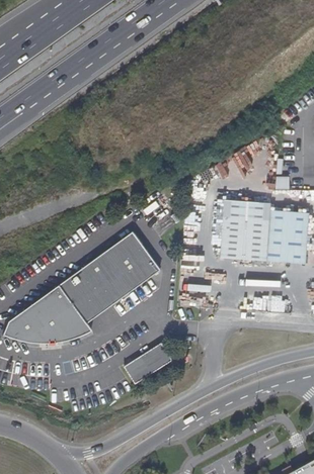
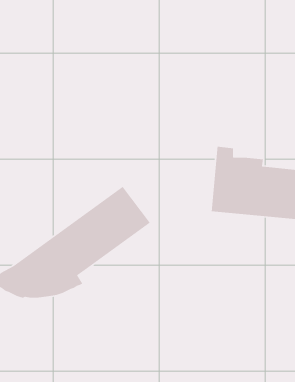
building: [127,339,175,380] -> none

